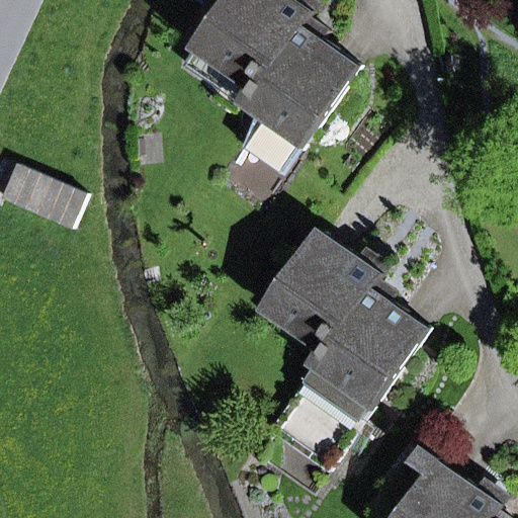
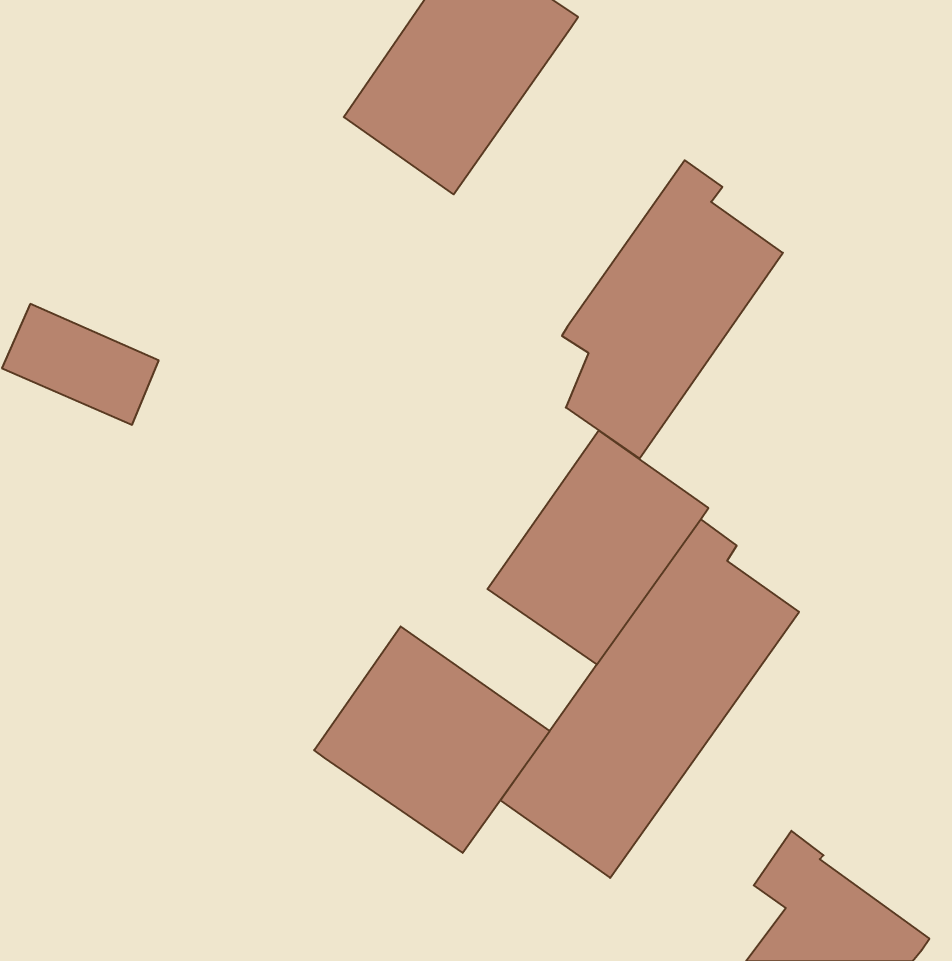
building: [240,15,358,175] -> [562,160,783,459]
building: none -> [314,626,550,853]

